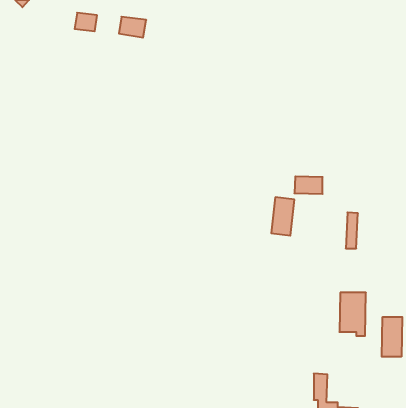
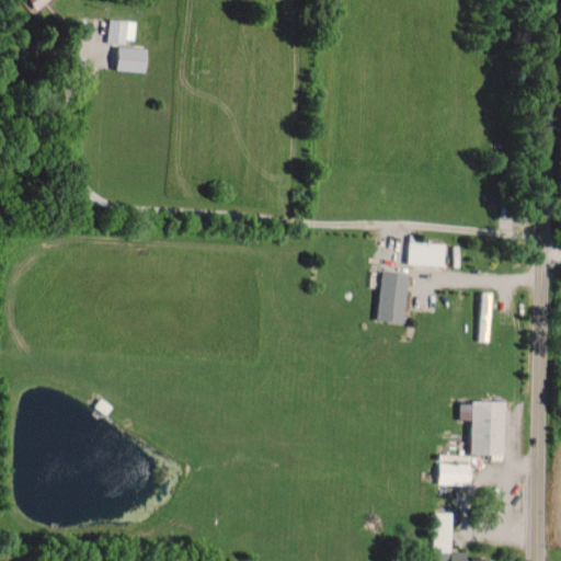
building: [119,17,146,38] -> [113,46,150,75]
building: [382,317,402,357] -> none
building: none -> [437,456,472,486]

